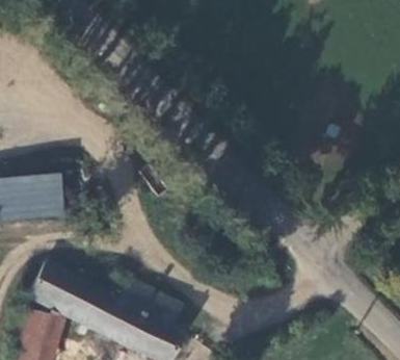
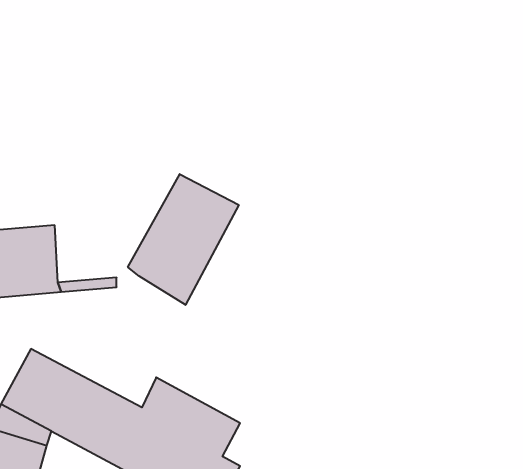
building: none -> [128,174,239,305]

